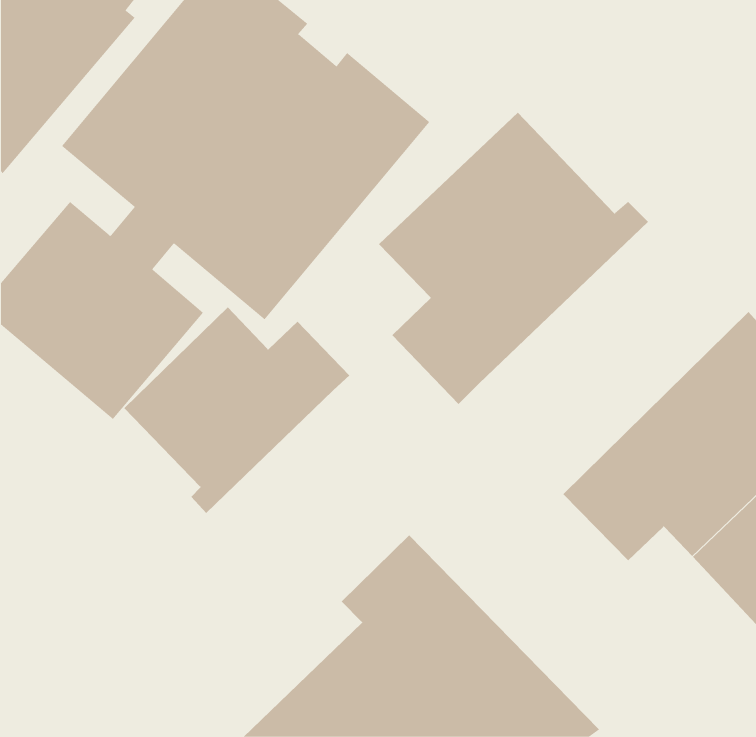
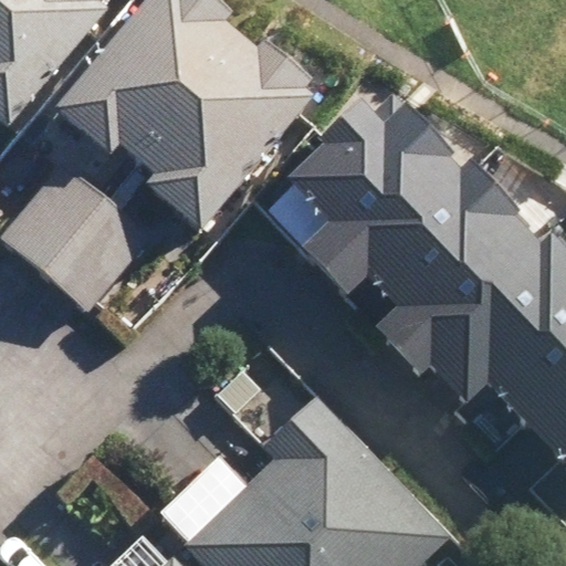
building: none -> [359,165,559,378]
building: [124,306,350,514] -> none

